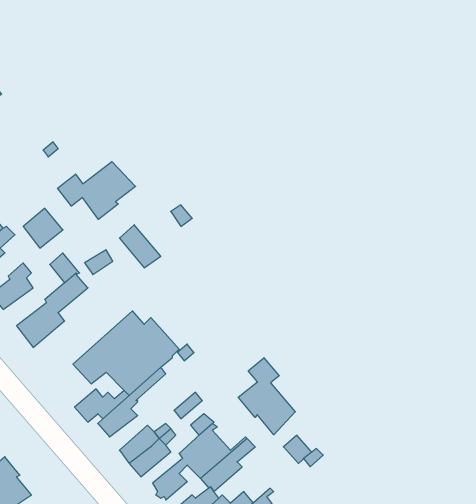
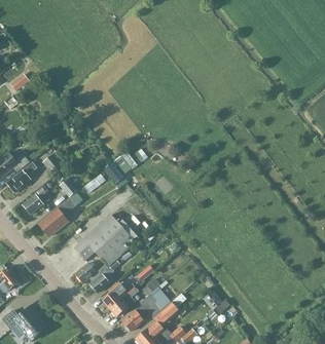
building: [58,162,136,219] -> none
building: [238,358,295,435] -> none

